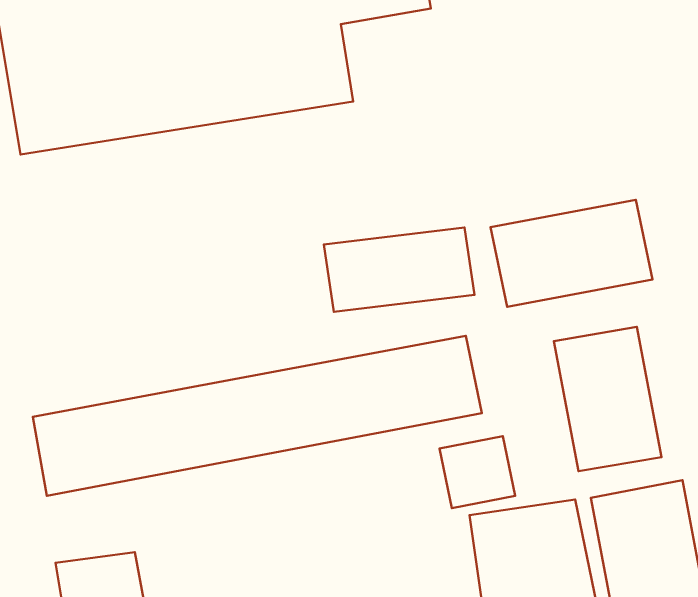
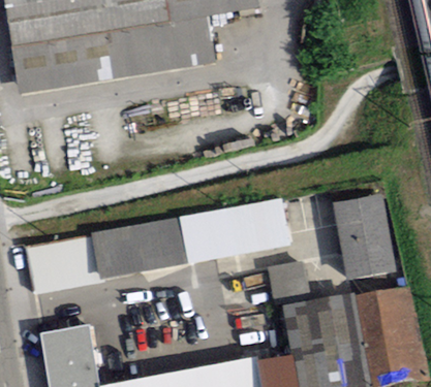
building: [490,200,653,307] -> none
building: [324,227,474,312] -> none

